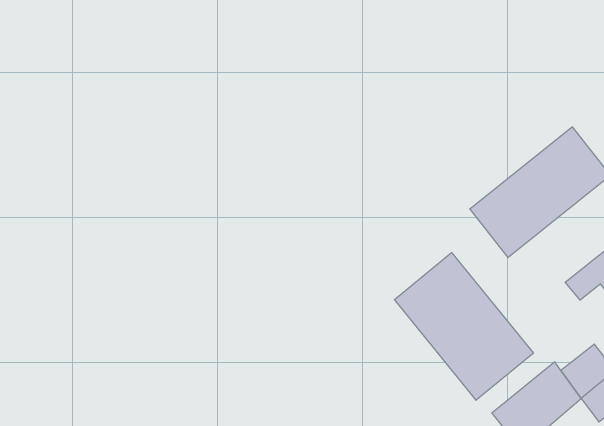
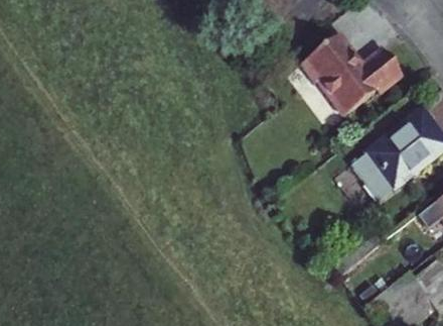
building: none -> [300,36,404,115]
building: [394,253,533,400] -> none

